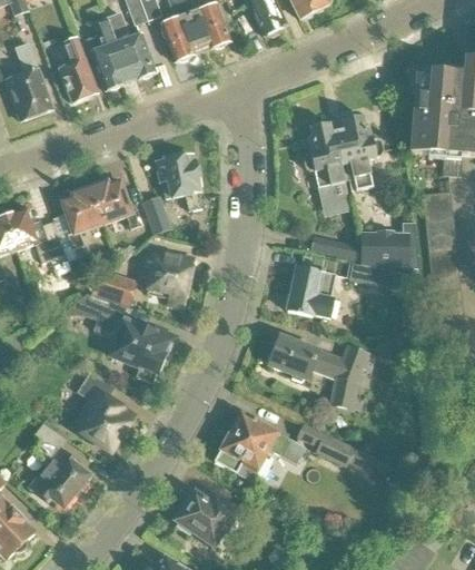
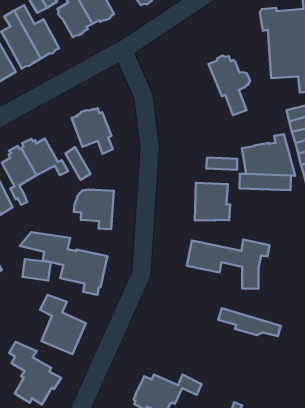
building: [303,120,347,200] -> none
building: [98,273,136,304] -> [22,259,51,281]
building: [214,411,305,480] -> none

